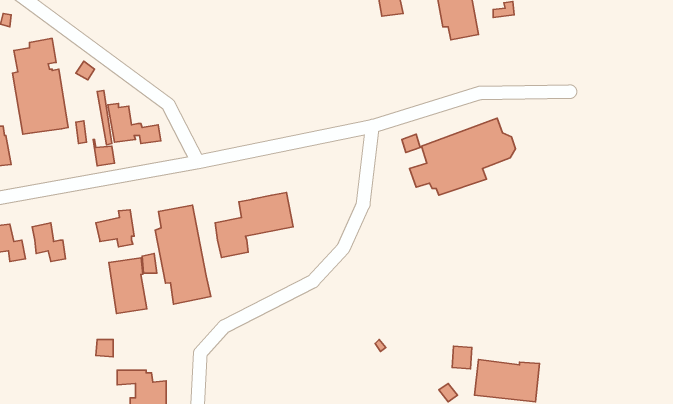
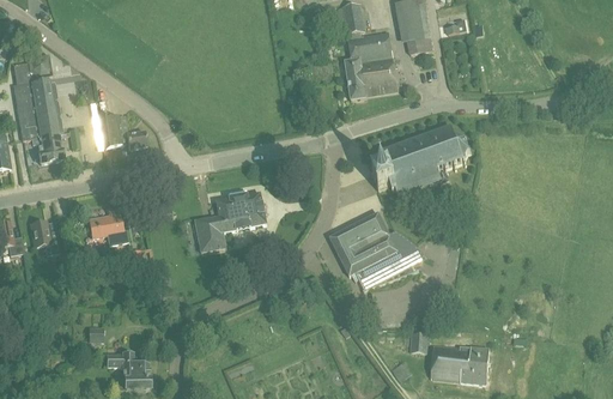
building: none -> [345,32,397,99]
building: none -> [30,135,62,163]
building: [155,205,211,304] -> none
building: none -> [329,211,424,289]
building: [109,258,147,313] -> none

